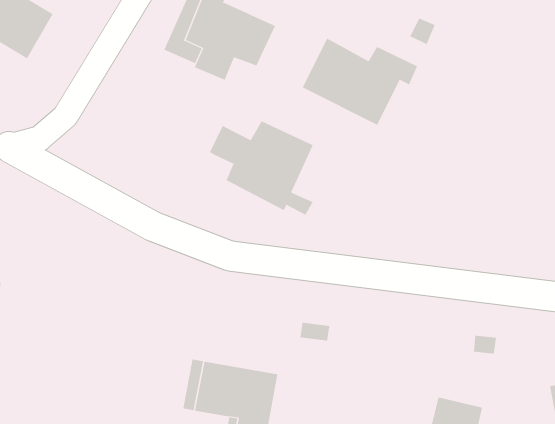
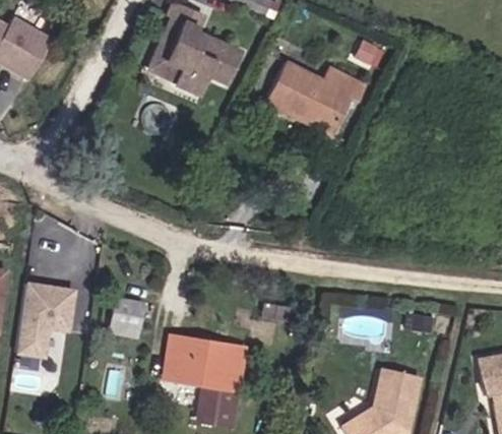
building: [209,121,314,216] -> none
building: none -> [15,282,73,356]
building: none -> [114,295,146,333]

